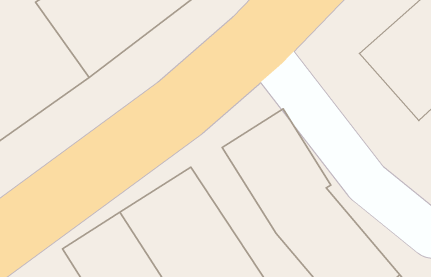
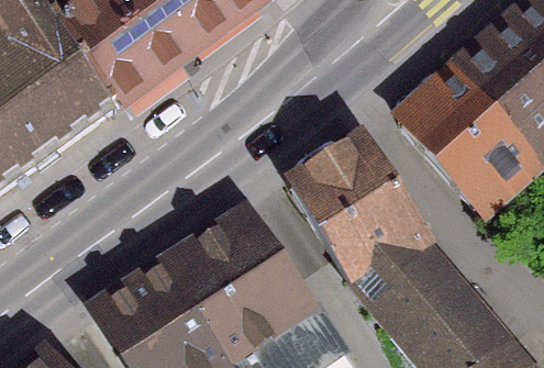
building: none -> [396,67,534,219]

